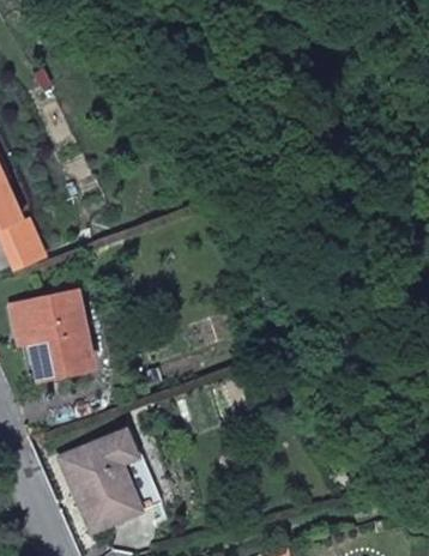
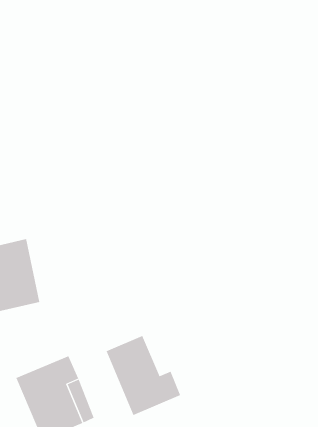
building: none -> [106,335,181,416]

